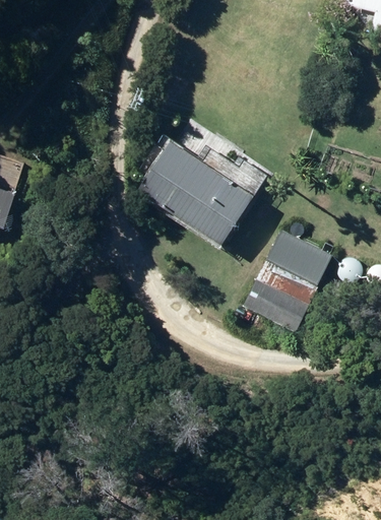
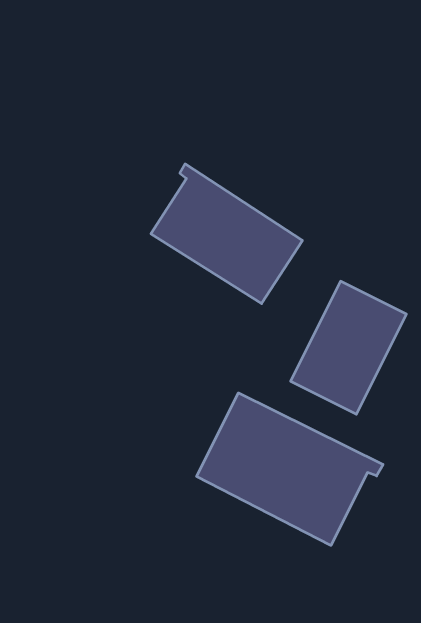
building: none -> [197,393,383,545]

